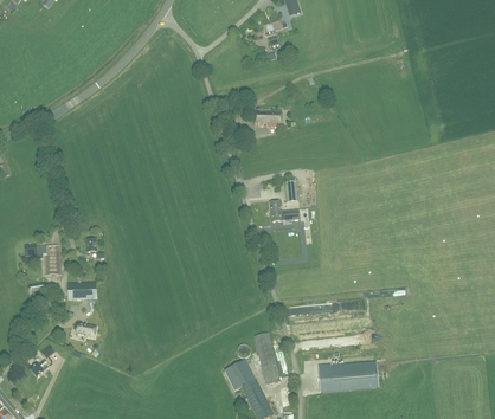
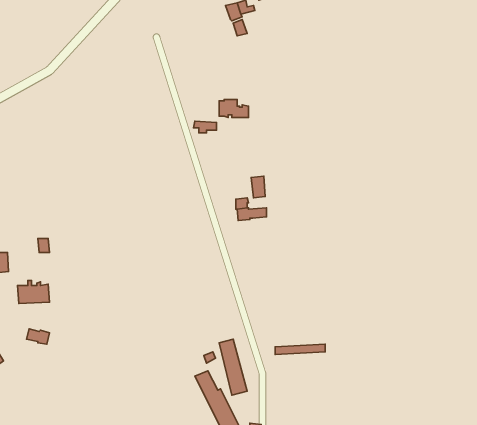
building: [317,363,378,392] -> none

